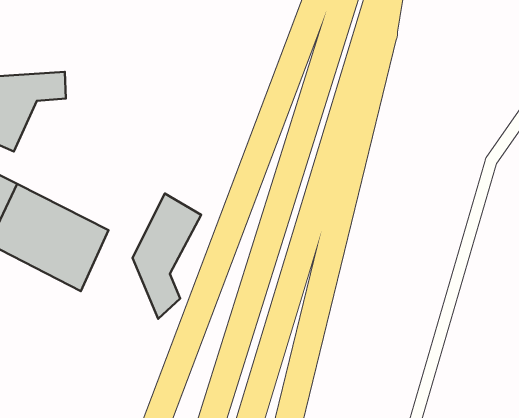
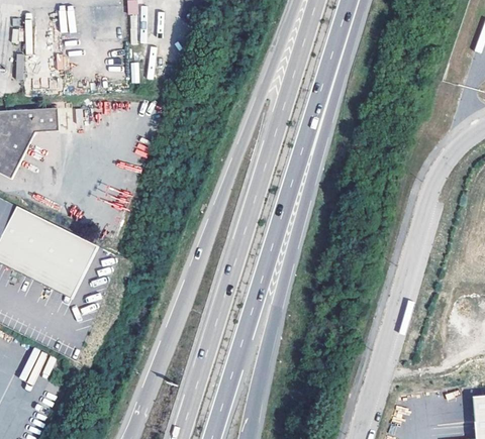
building: [132,194,201,319] -> none

